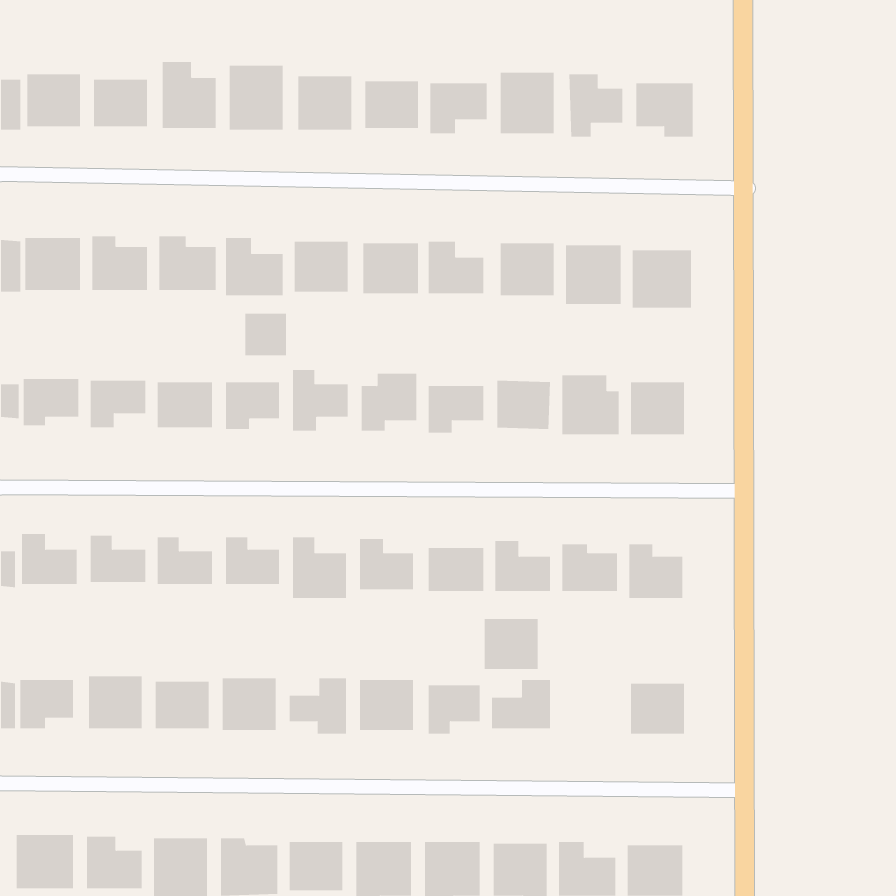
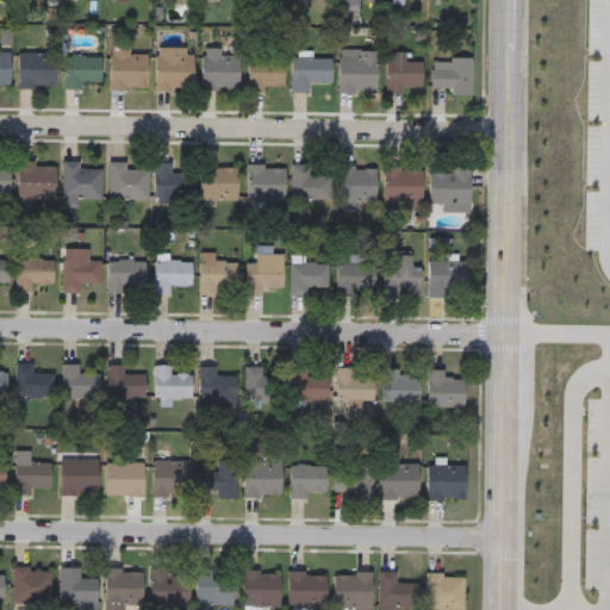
building: [245,313,287,356] -> none
building: [484,618,538,669] -> [382,465,419,499]

